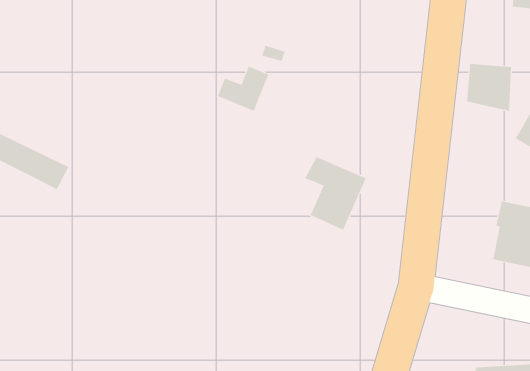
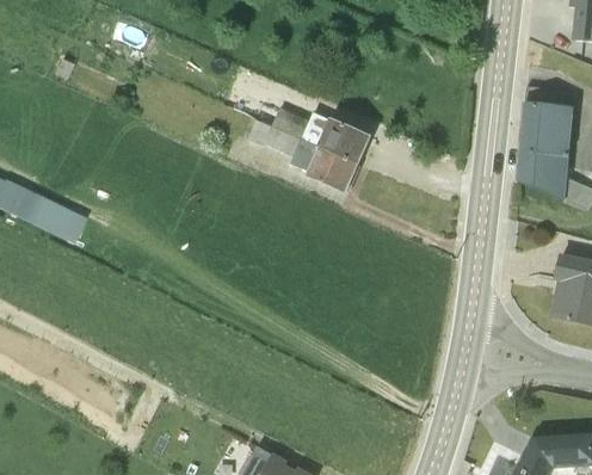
building: none -> [518,146,569,202]
building: [304,156,366,230] -> [302,115,370,196]

